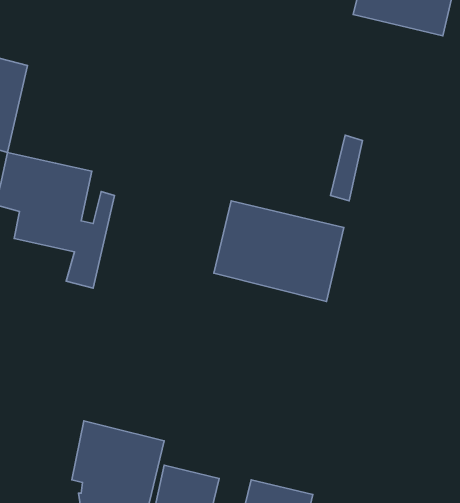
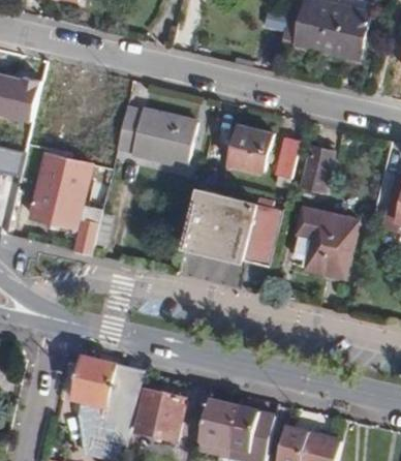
building: none -> [114,104,194,164]
building: none -> [227,123,272,172]
building: none -> [299,145,331,189]
building: none -> [294,206,357,276]

